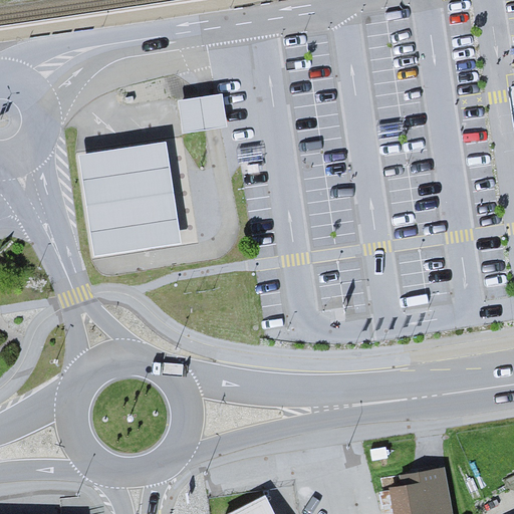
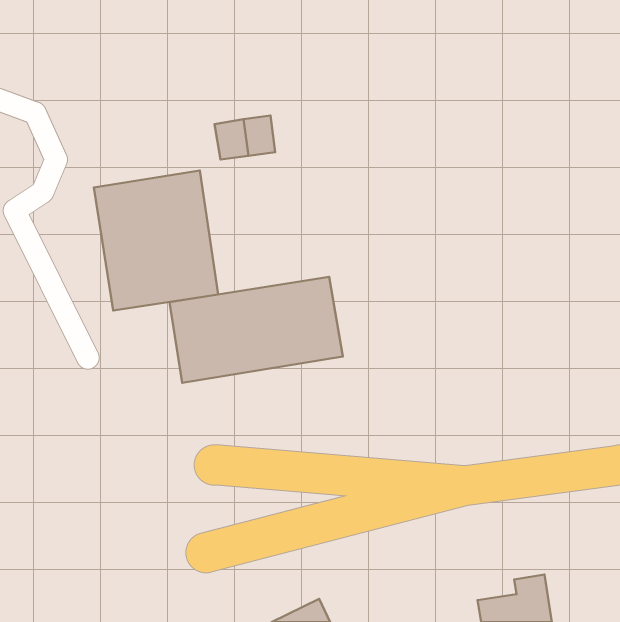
building: none -> [170,277,343,383]

